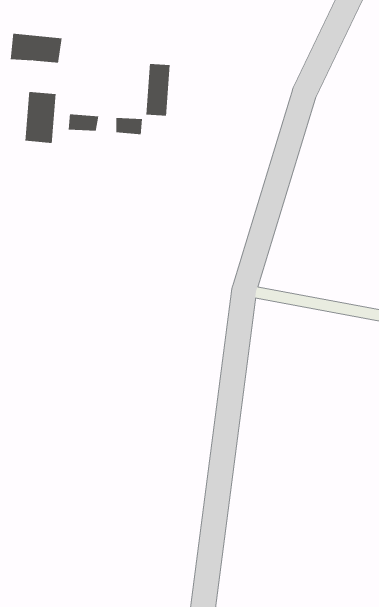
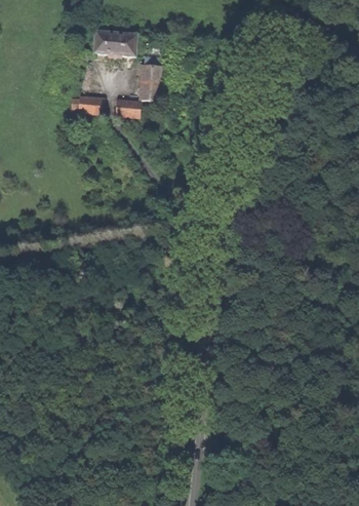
building: [10,33,63,63] -> [92,30,135,54]
building: [25,91,56,144] -> none

